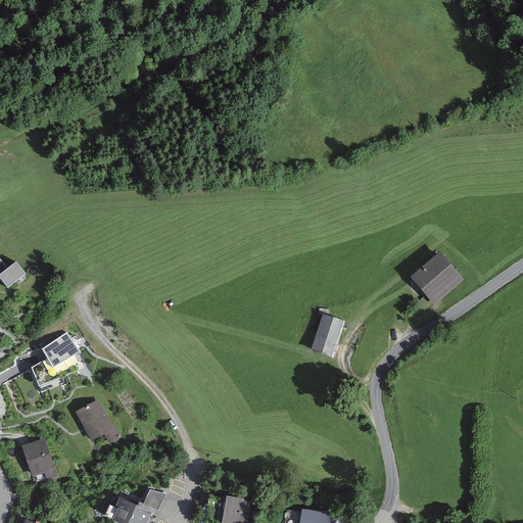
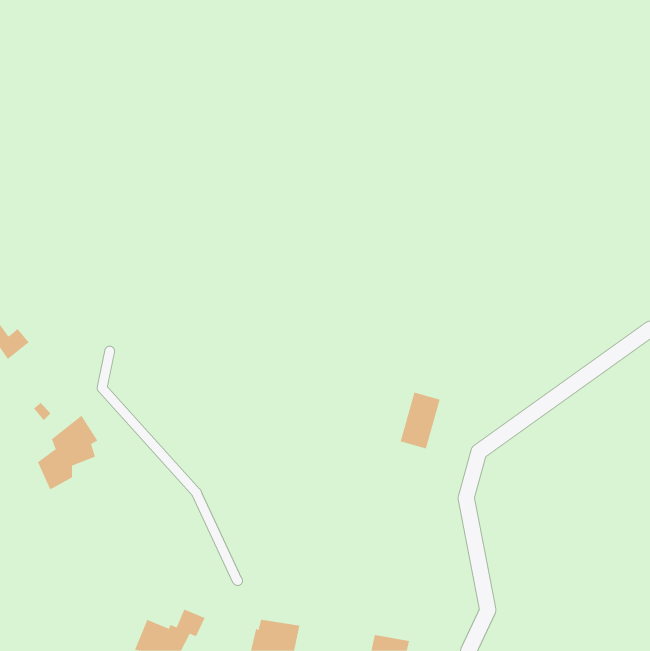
building: [414,252,466,301] -> none
building: [76,401,118,440] -> none
building: [19,438,58,484] -> none

